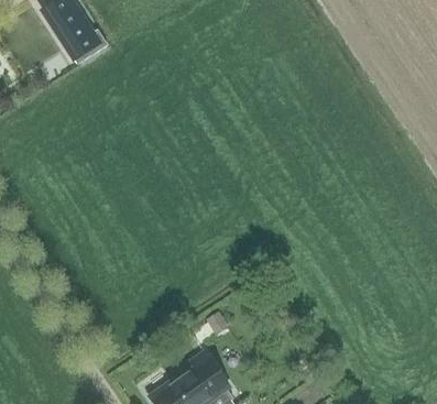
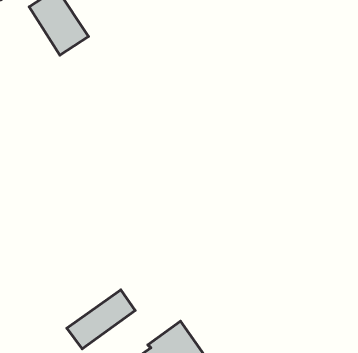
building: none -> [67,290,135,349]

